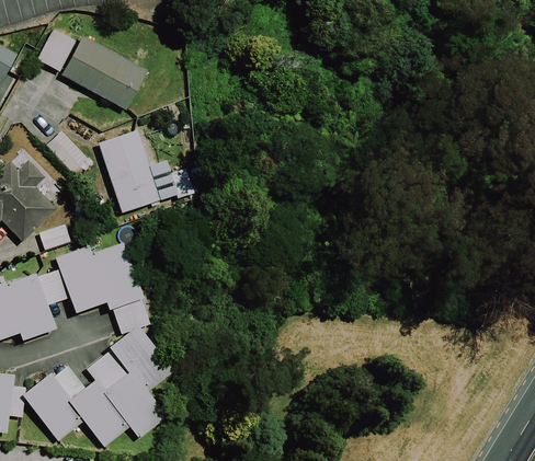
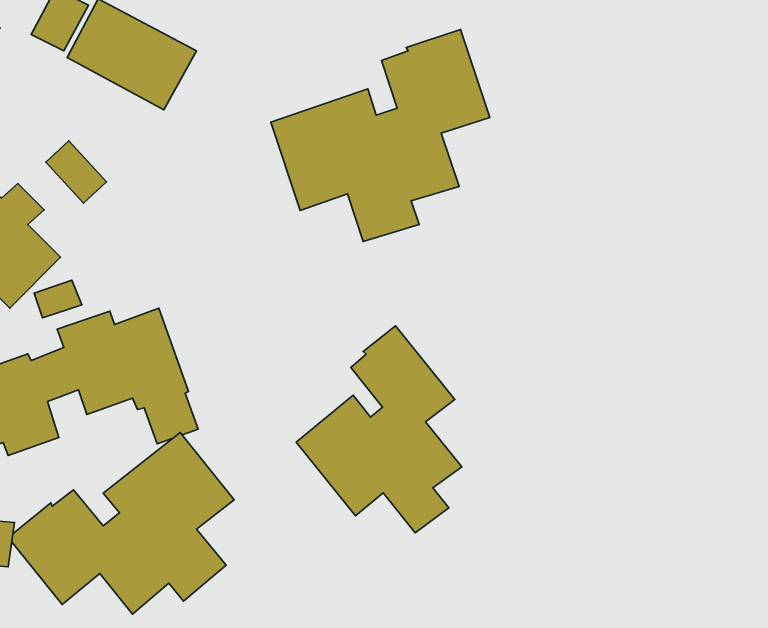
building: none -> [271,29,490,242]
building: [98,129,177,211] -> none
building: none -> [296,326,462,533]

